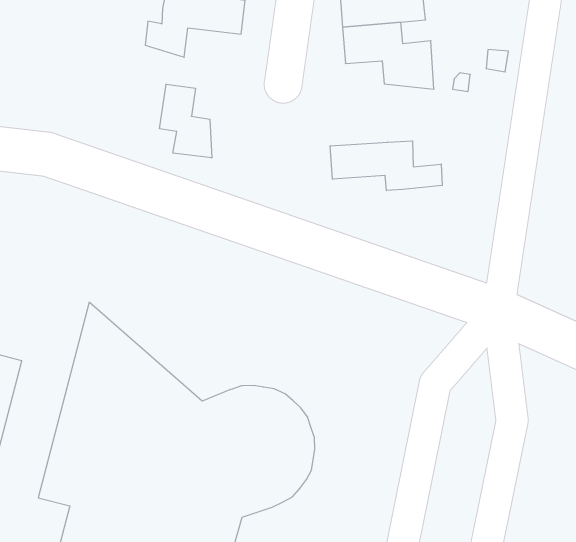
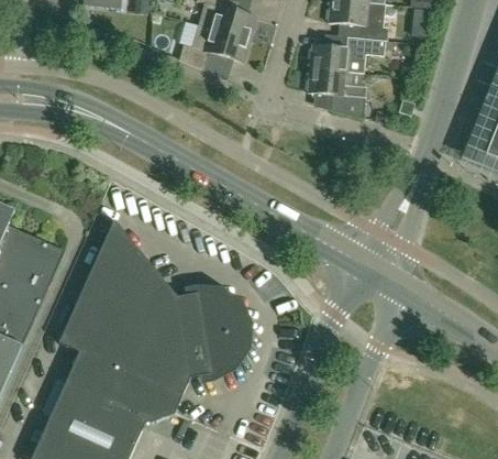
building: [160,84,212,158] -> none
building: [330,141,442,191] -> none

